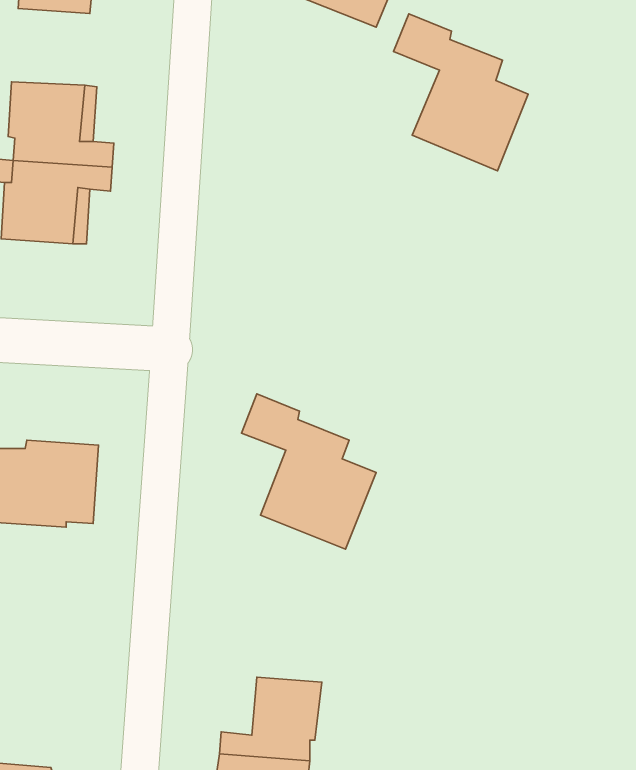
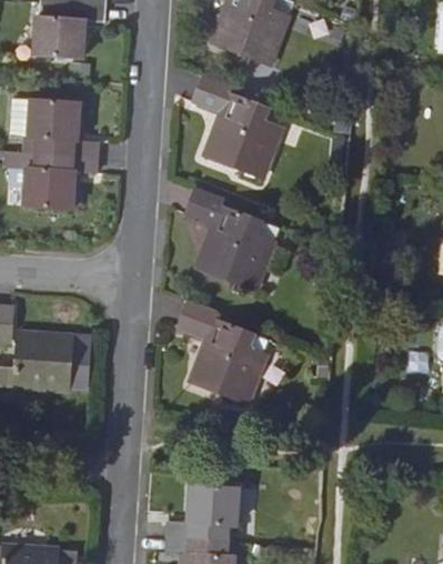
building: [393,14,528,171] -> [194,77,282,179]
building: none -> [184,191,271,294]

